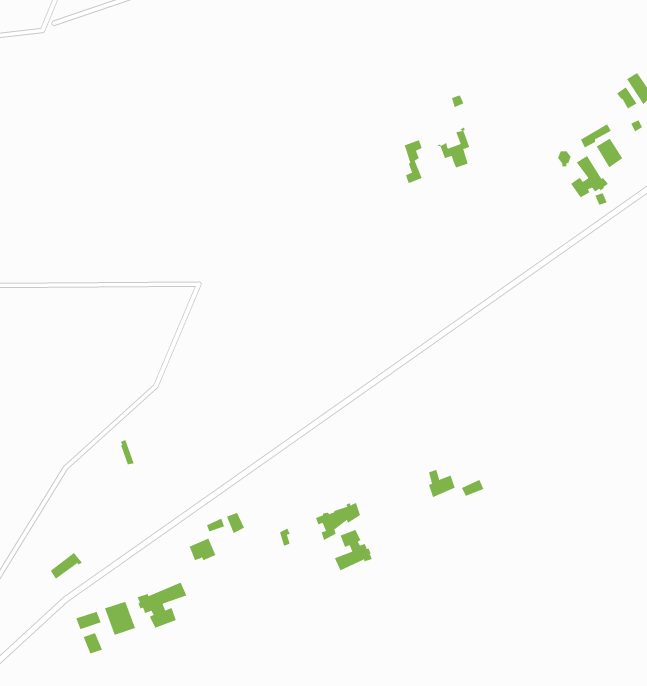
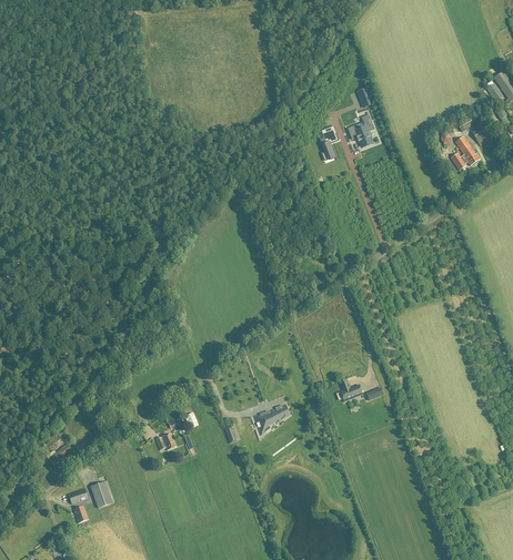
building: [334,529,373,571] -> none
building: [137,582,187,628] -> none

